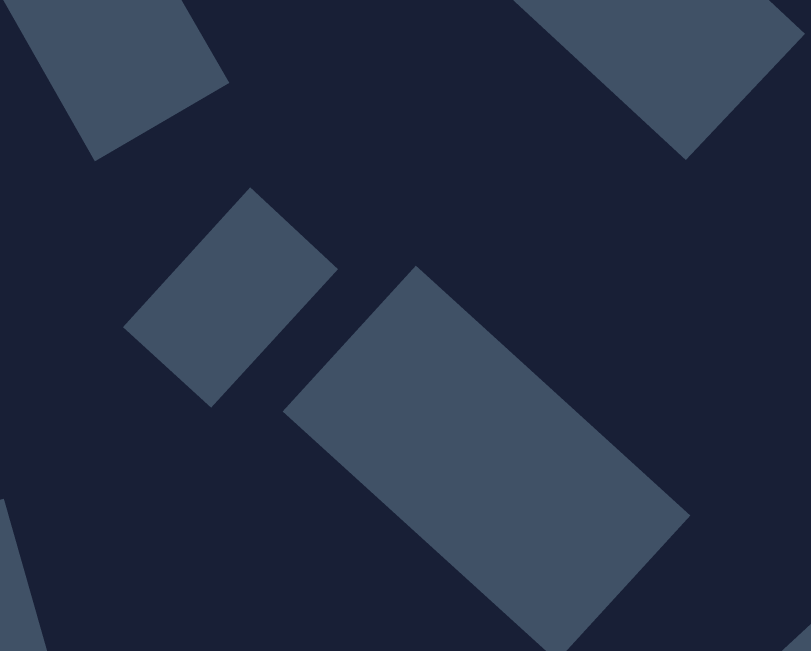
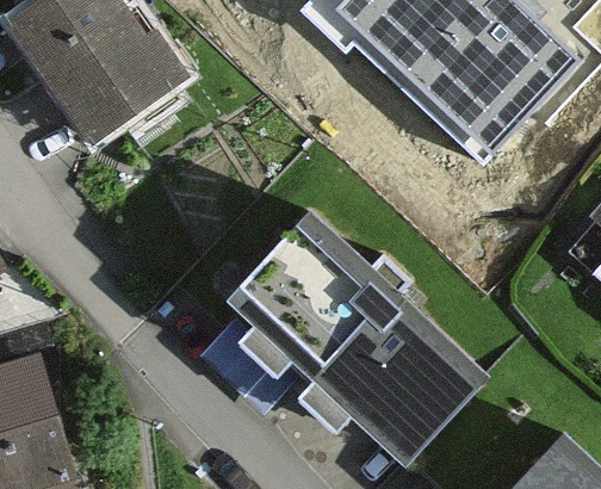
building: [122,186,339,408] -> none

